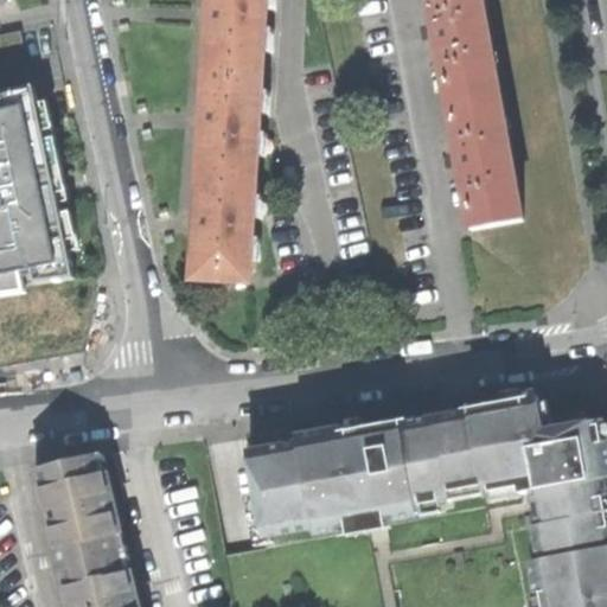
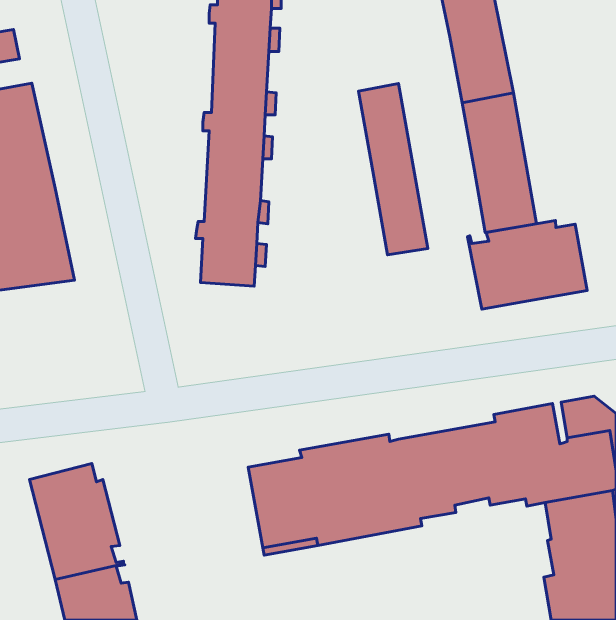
building: none -> [359,83,428,255]
building: none -> [467,220,587,309]

